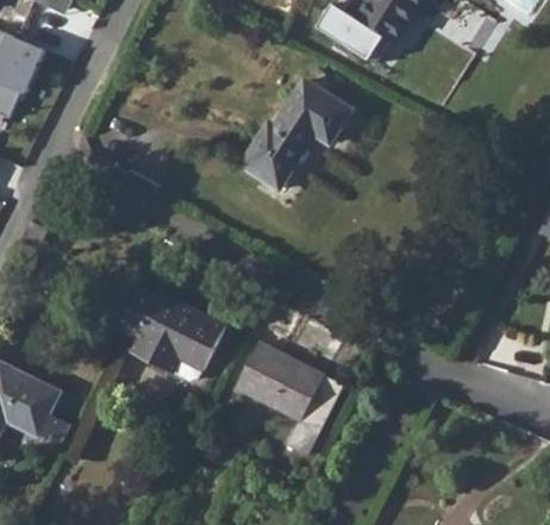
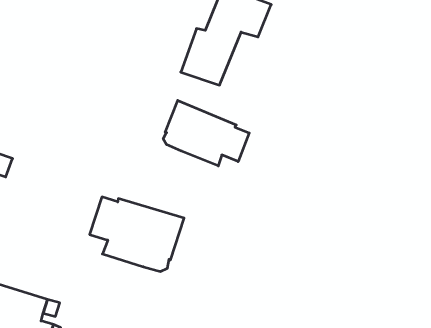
building: none -> [163,100,249,166]
building: [233,343,339,455] -> none

